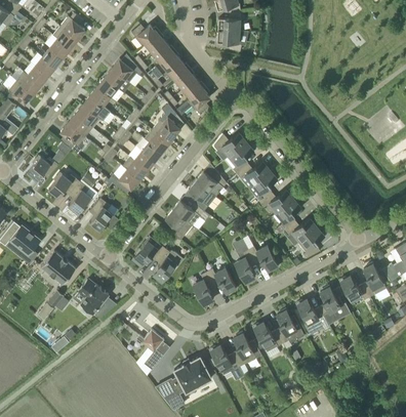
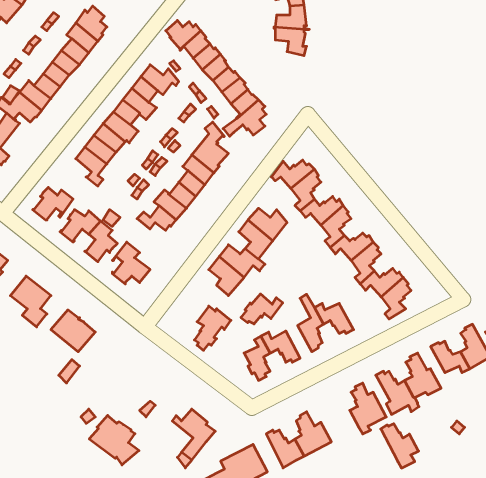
building: [132,241,165,264] -> [241,294,283,324]
building: [73,280,112,319] -> [89,415,139,465]
building: [253,322,283,357] -> [381,424,419,468]

